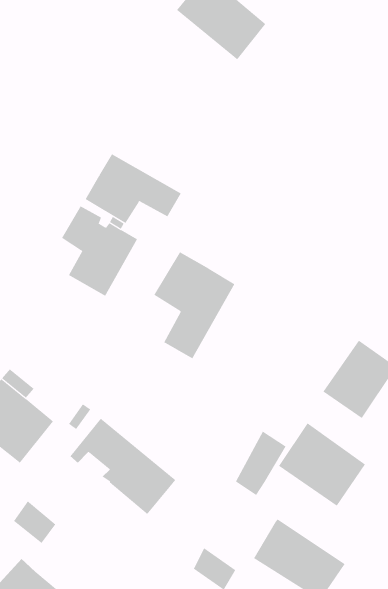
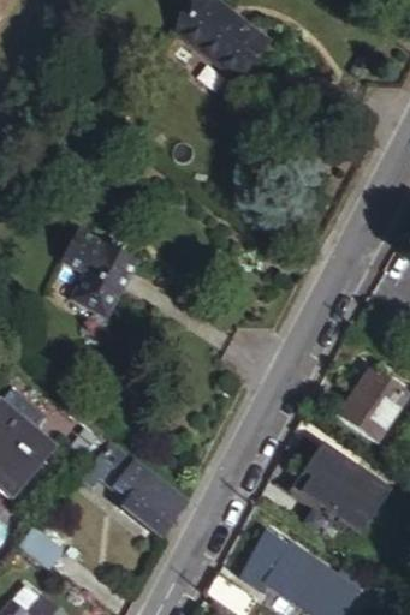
building: [85,153,182,224] -> none
building: [154,251,235,359] -> none
building: [235,431,287,496] -> [231,530,283,595]

